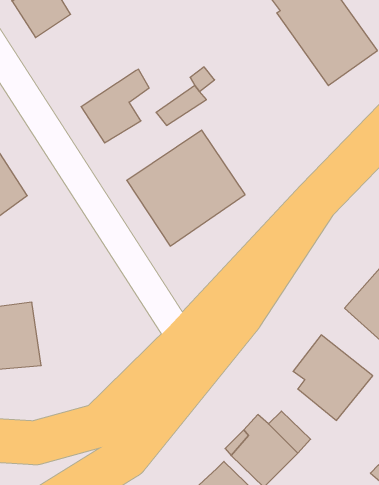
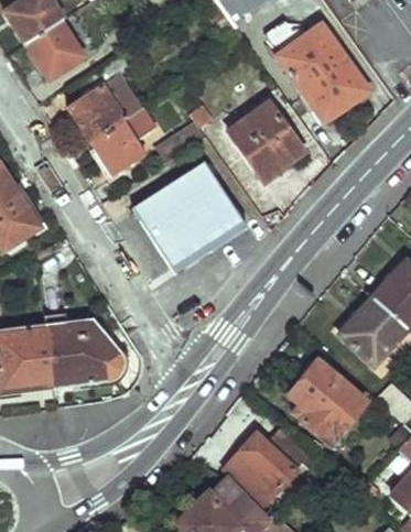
building: none -> [67,52,142,143]
building: none -> [232,102,305,180]
building: none -> [43,314,125,387]

